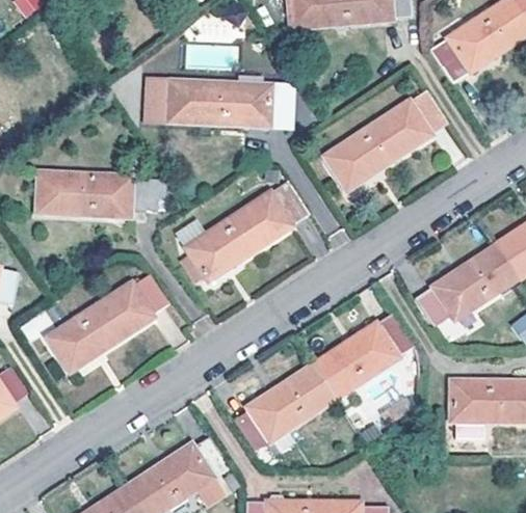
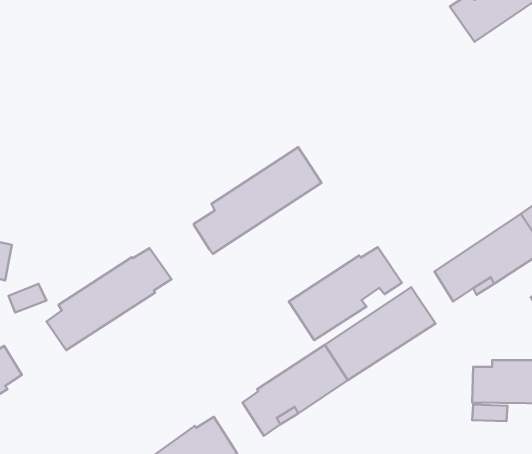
building: [147,80,291,129] -> none
building: [328,89,448,190] -> none
building: [37,172,165,216] -> none
building: none -> [289,247,402,340]

